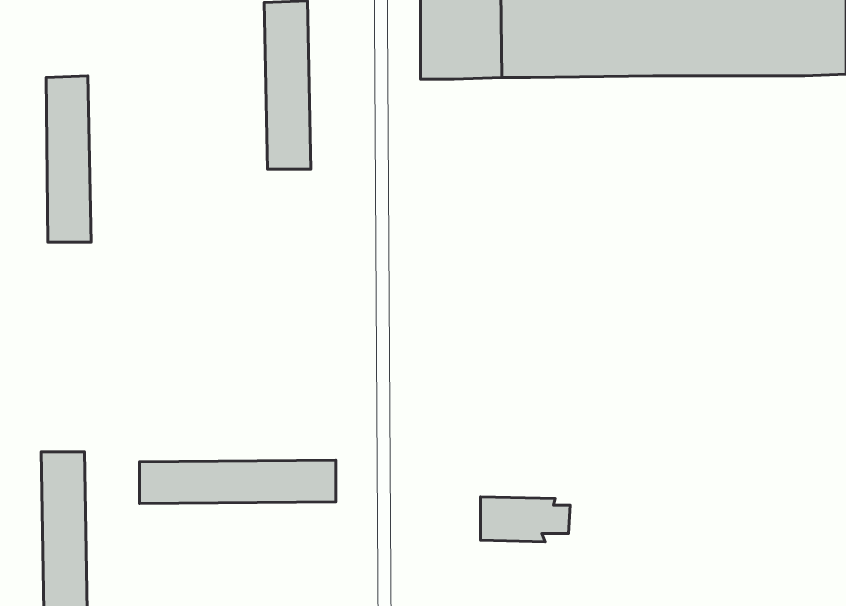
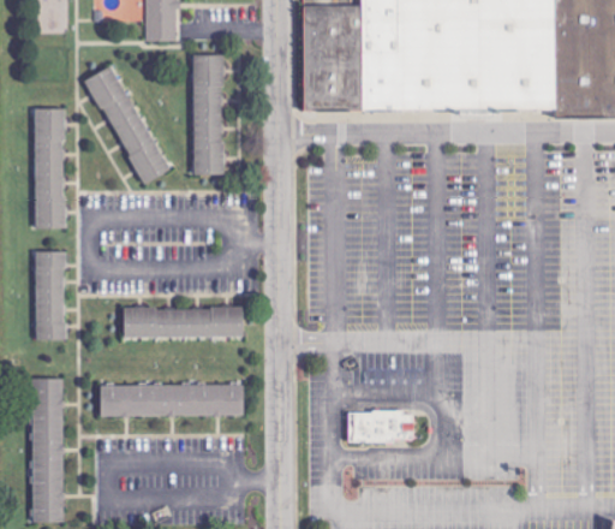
building: none -> [82,64,169,185]
building: none -> [35,251,66,340]
building: none -> [123,305,243,337]

